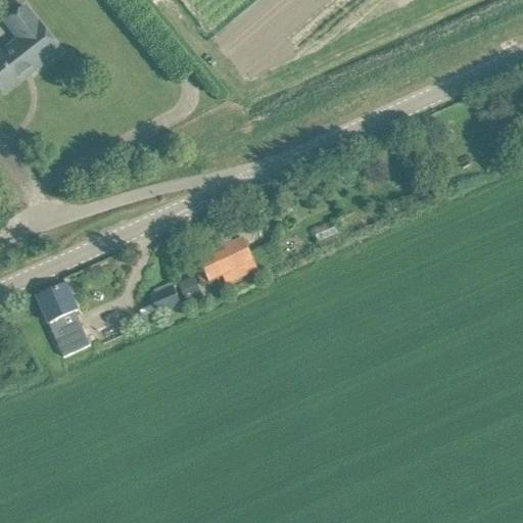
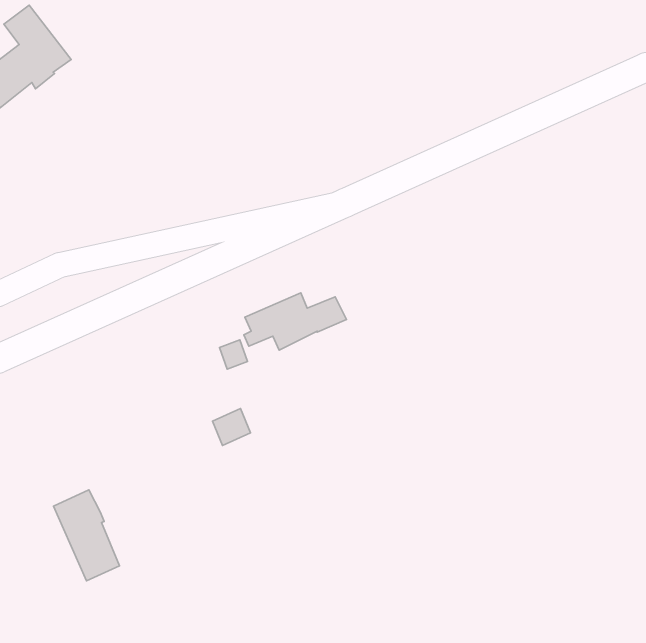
building: [35,281,88,354] -> [53,490,119,581]
building: [148,282,179,312] -> [212,409,251,445]

